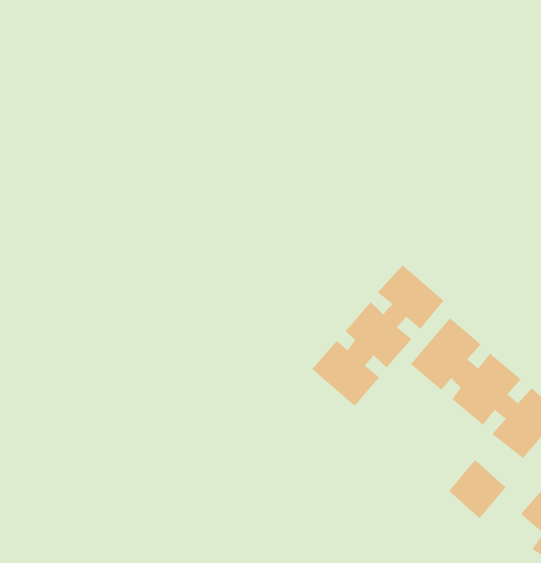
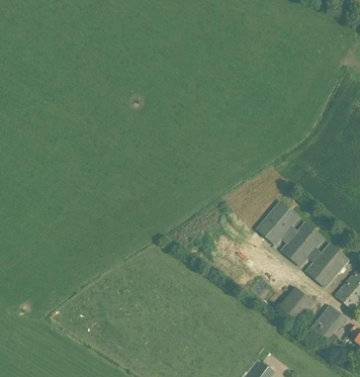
building: [311,265,445,407] -> none

